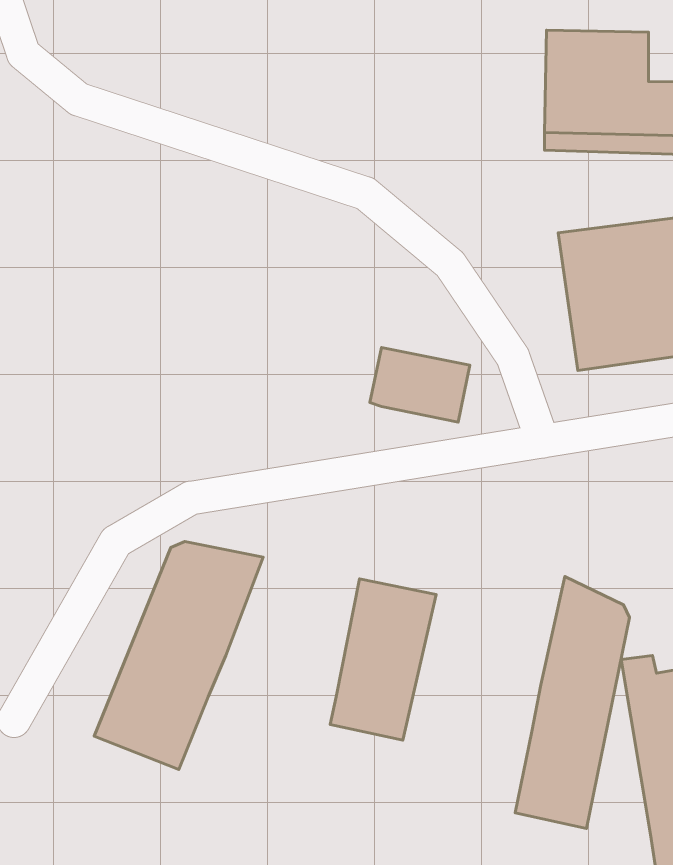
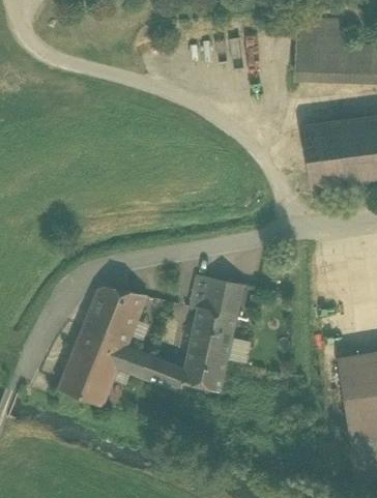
building: [370,347,470,422] -> [192,275,244,315]
building: [515,576,630,828] -> none
building: none -> [118,347,185,392]

